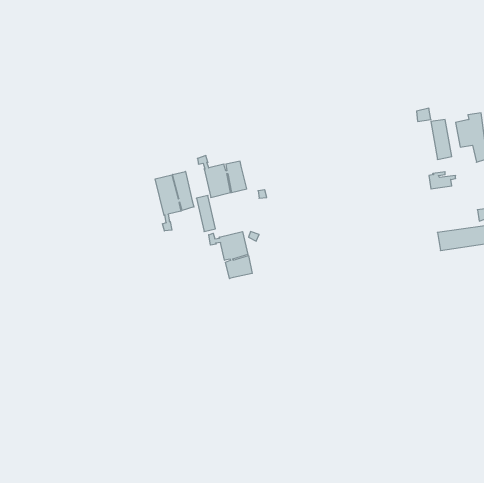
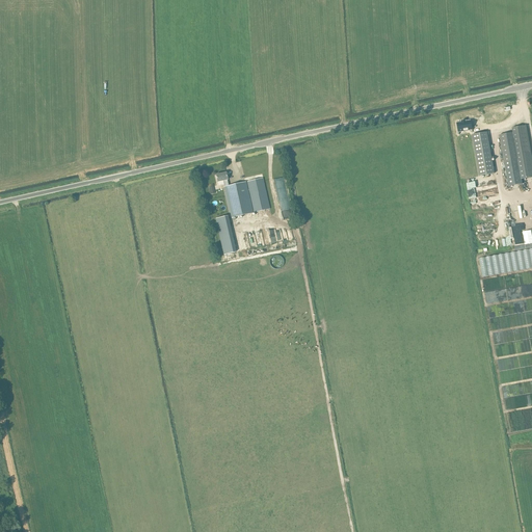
building: [155,171,194,231] -> none
building: [209,232,252,279] -> none

